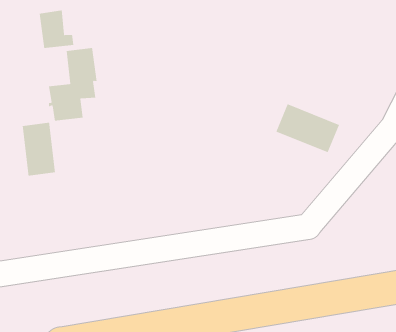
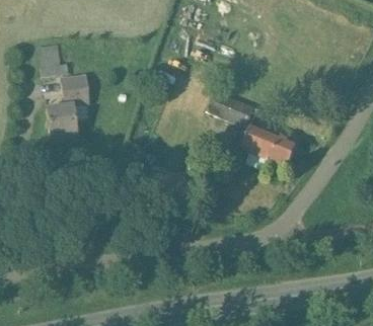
building: none -> [209,91,255,127]
building: [22,122,56,177] -> none

